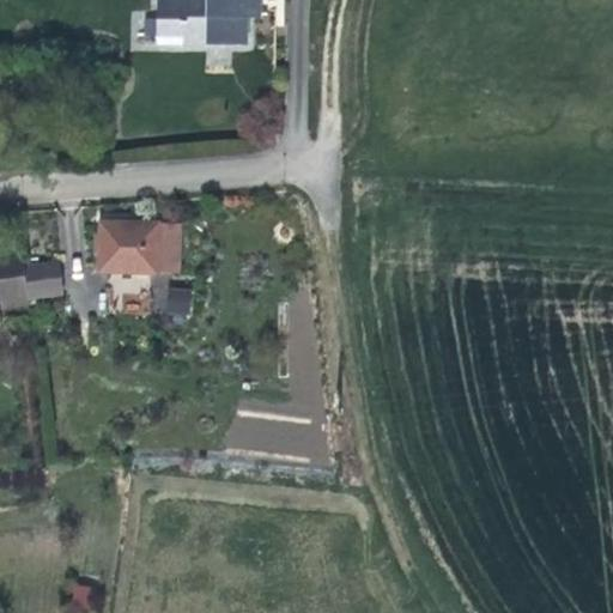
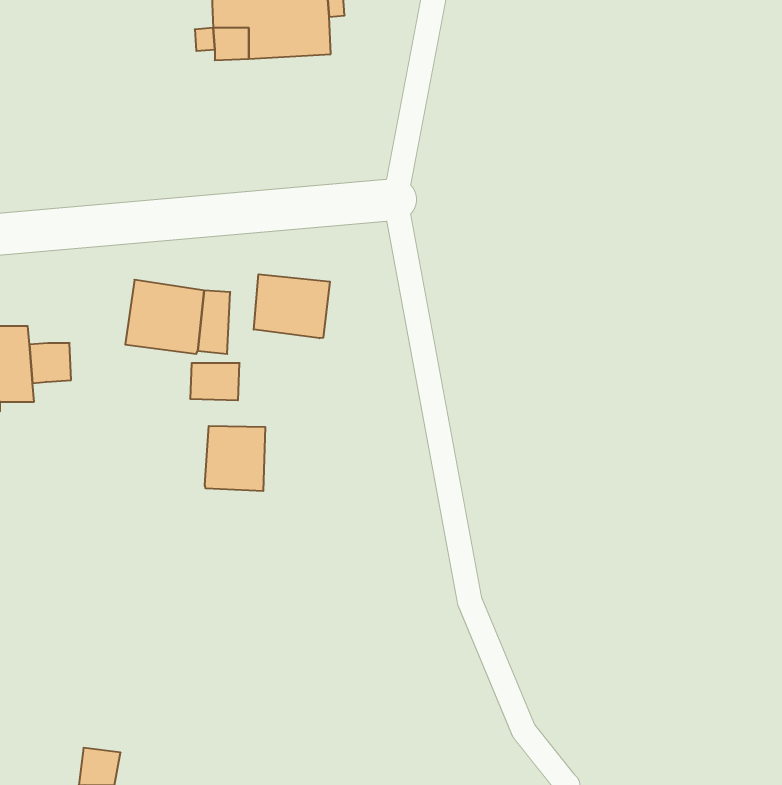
building: none -> [254,274,330,338]
building: none -> [205,426,265,491]

